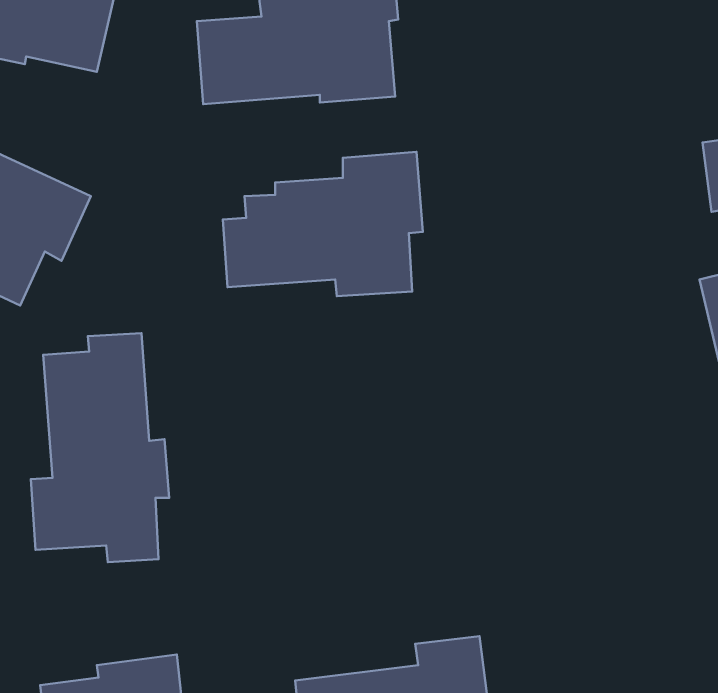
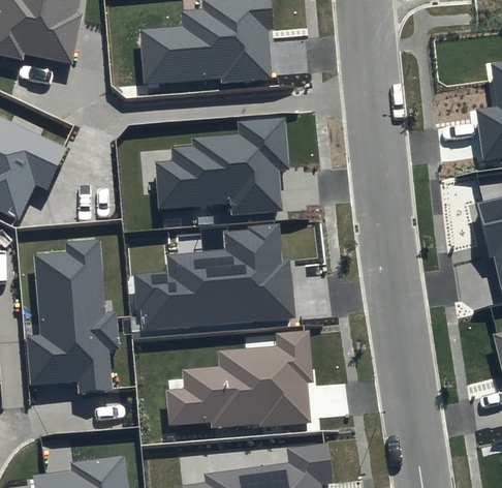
building: none -> [133,222,294,330]
building: none -> [164,329,313,427]

